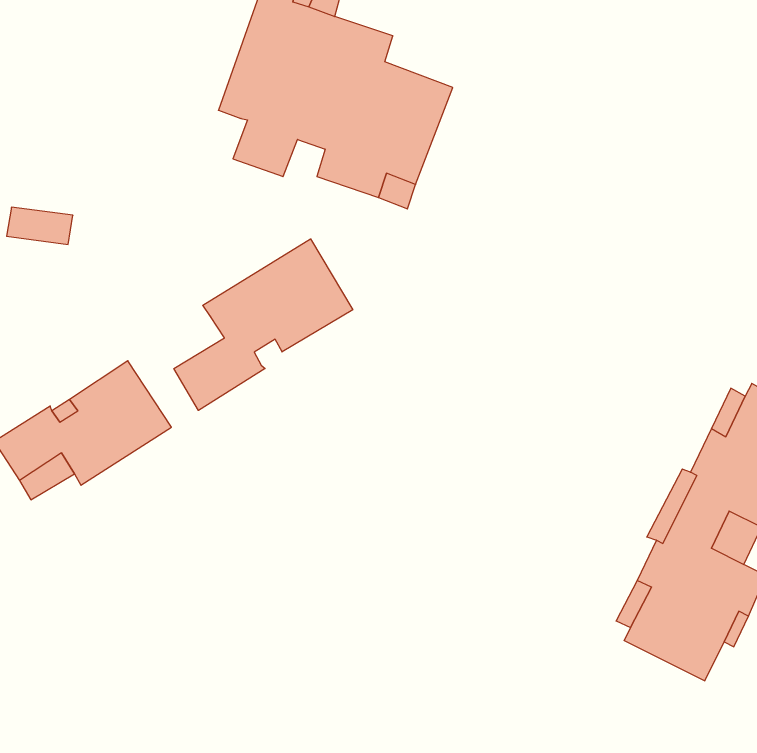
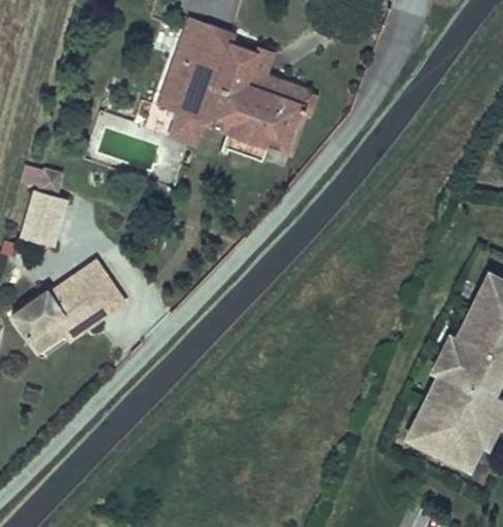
building: [174,239,353,410] -> none
building: none -> [22,191,67,247]

